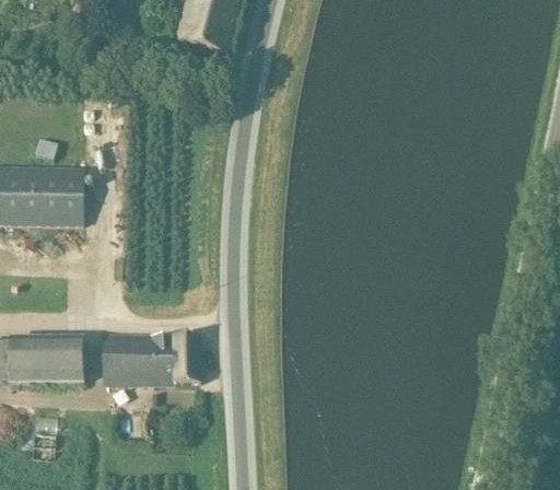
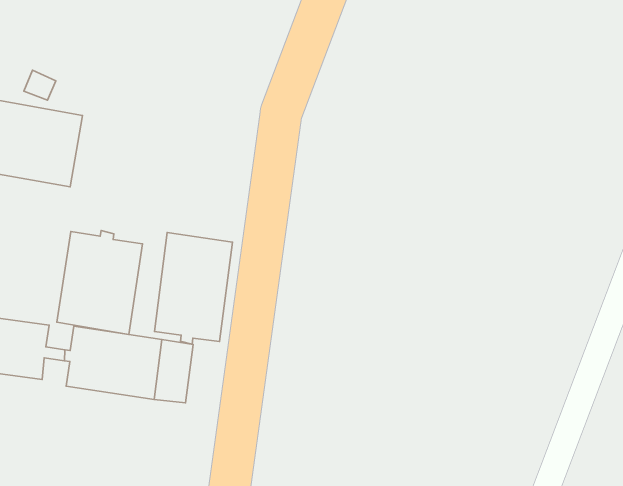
building: none -> [154,232,232,344]
building: none -> [57,231,143,335]

